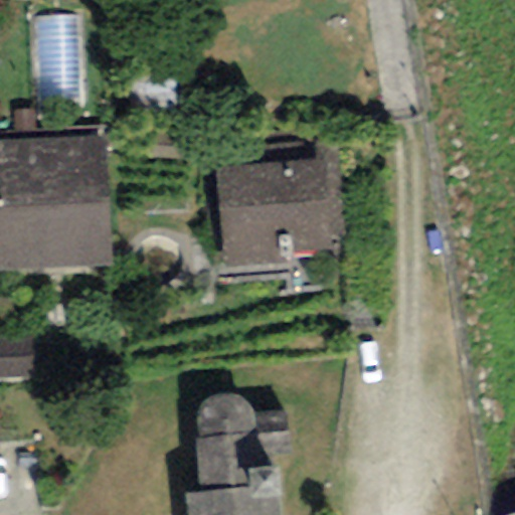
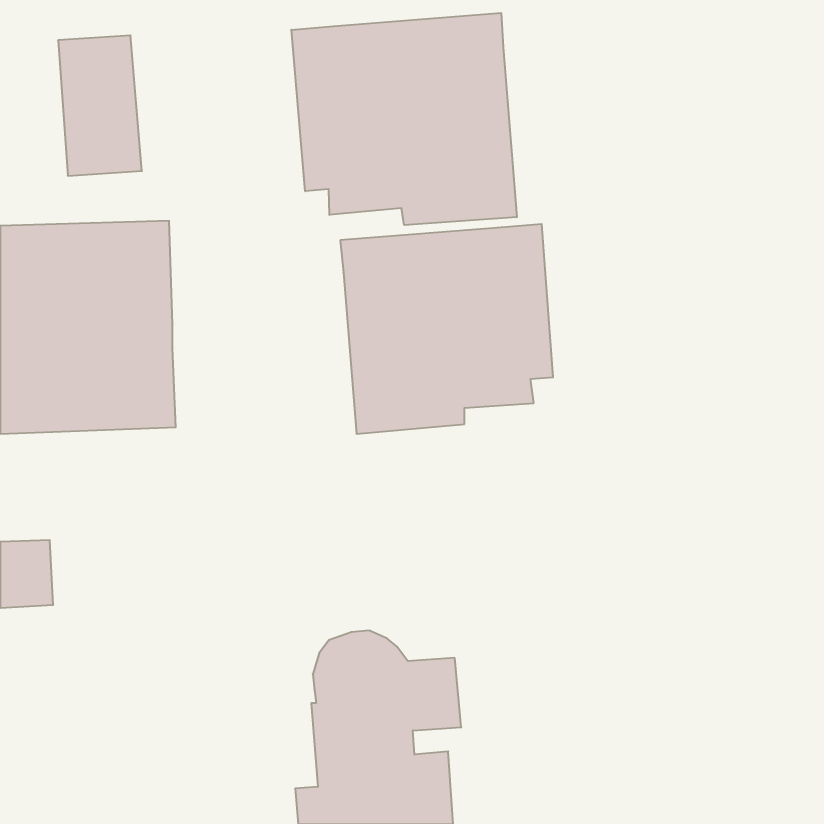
building: none -> [291,13,517,225]

